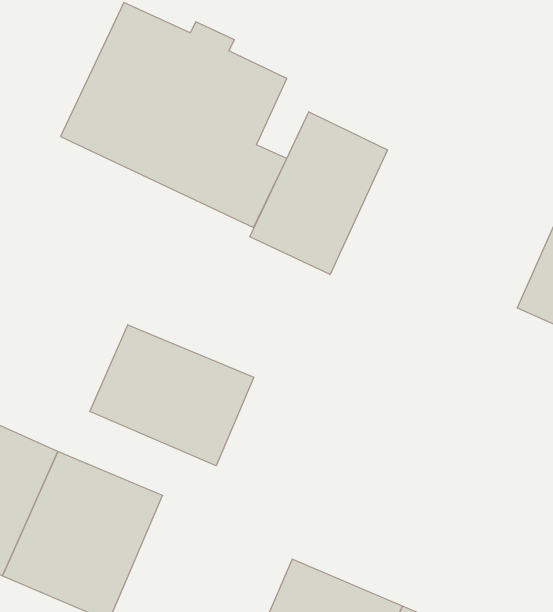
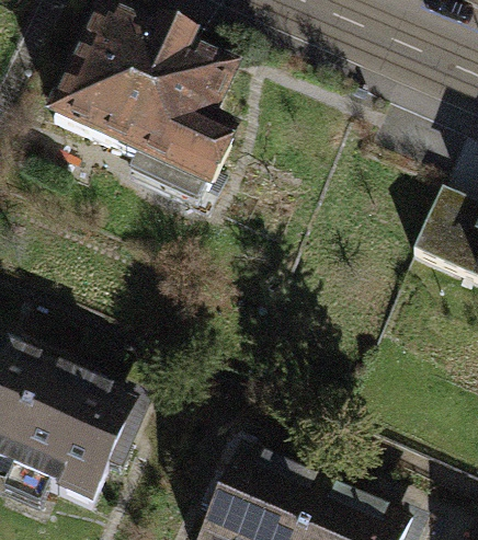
building: [250,112,387,275] -> none
building: [90,325,254,466] -> none

